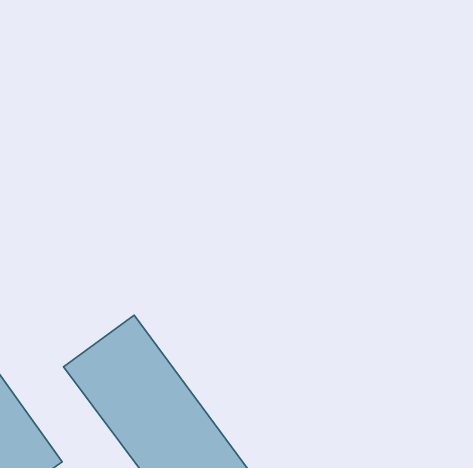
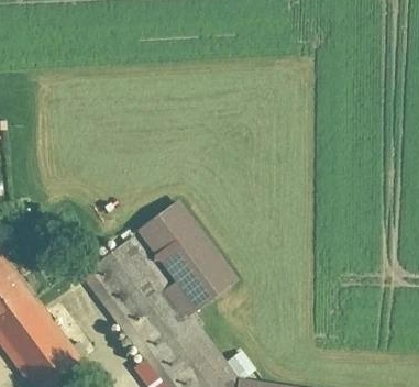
building: none -> [136,198,242,308]

